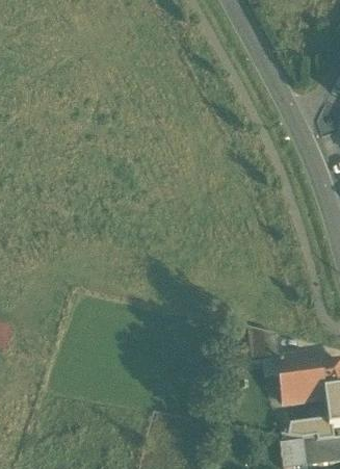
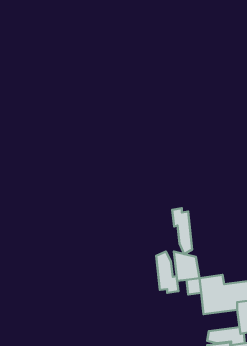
building: none -> [172,208,192,254]
building: none -> [156,252,178,293]

